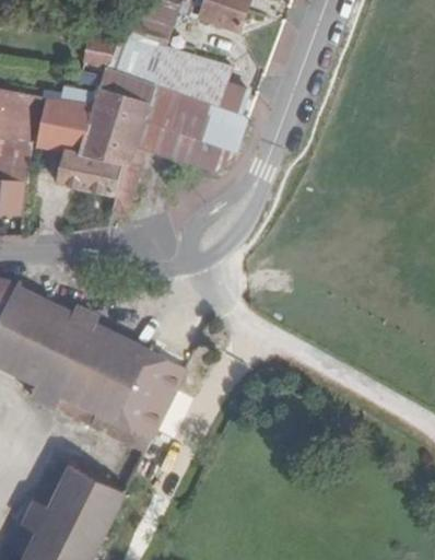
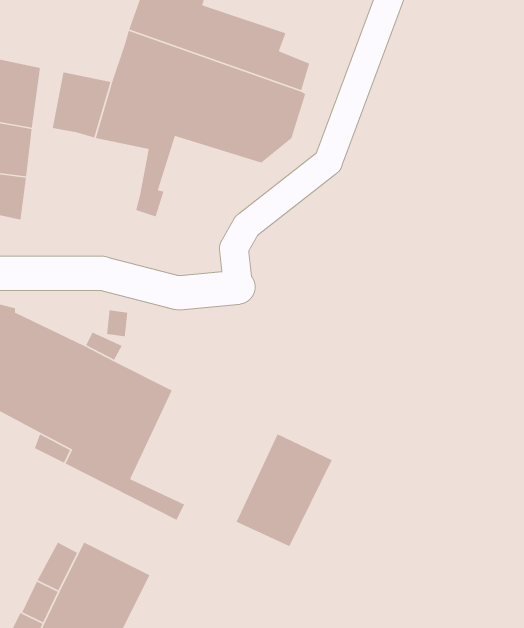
building: [55,145,120,194] -> none
building: [107,348,184,438] -> [236,433,333,547]

